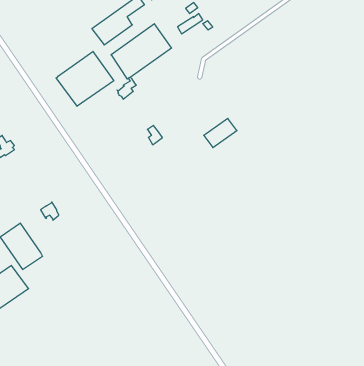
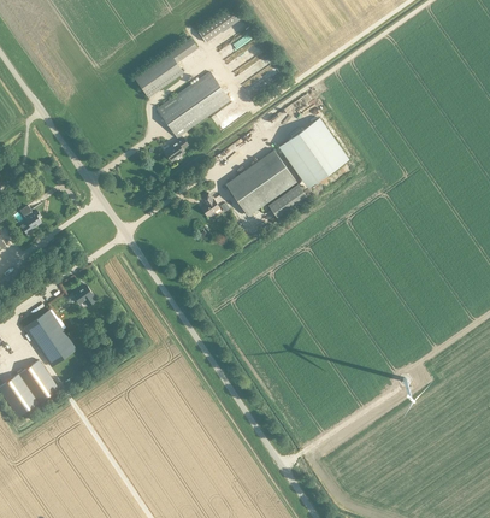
building: [56,51,114,106] -> none
building: none -> [288,118,347,181]
building: none -> [225,151,295,214]

